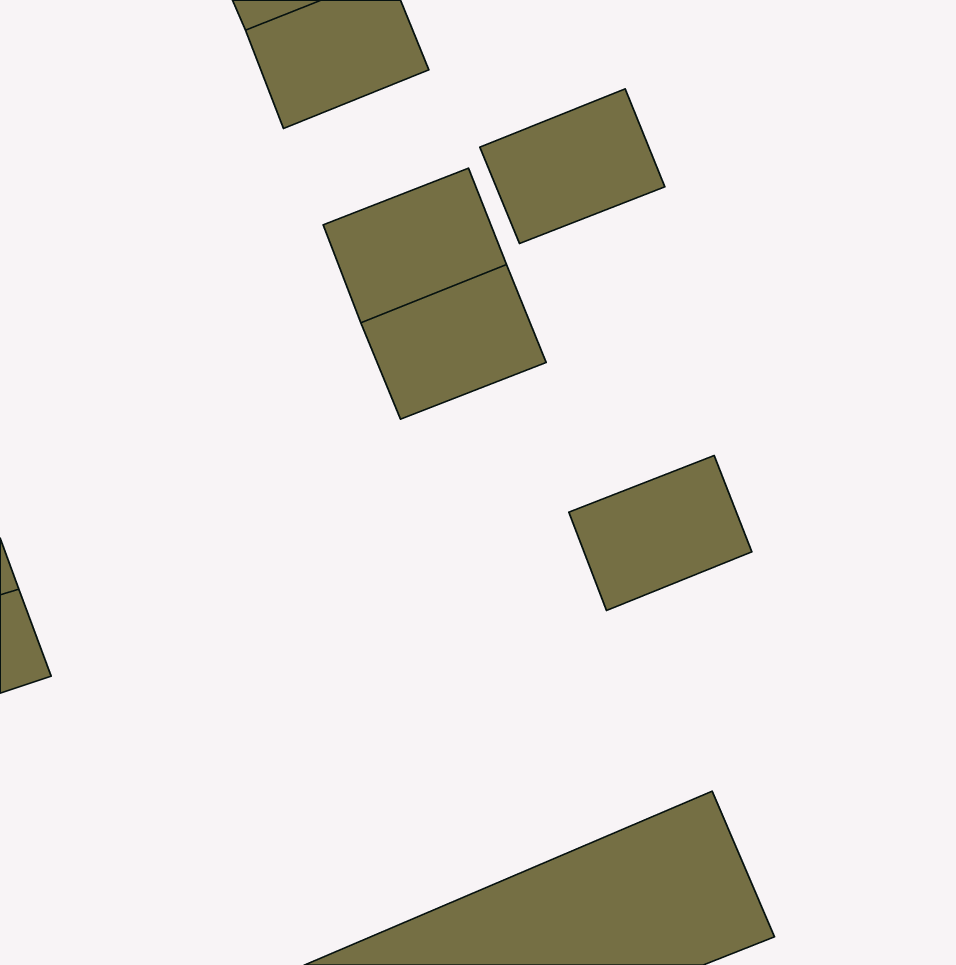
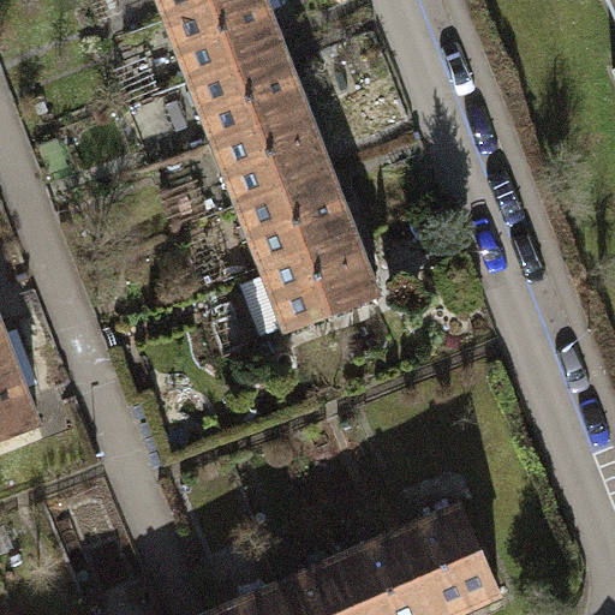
building: [480,89,665,244] -> [186,44,304,143]
building: [569,456,752,610] -> [261,231,377,329]

